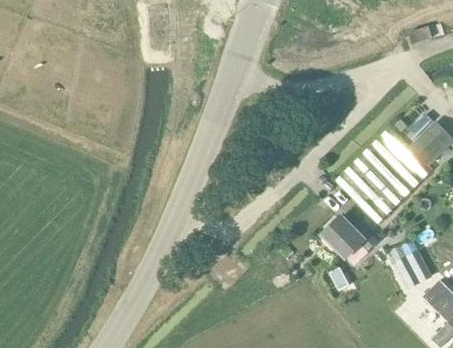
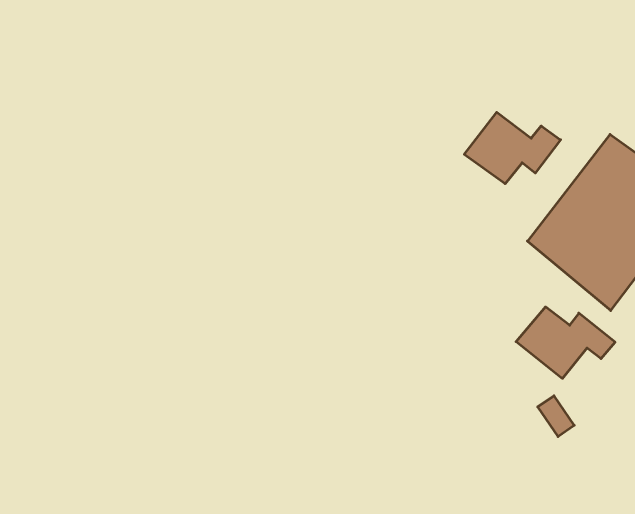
building: none -> [464,112,561,184]

